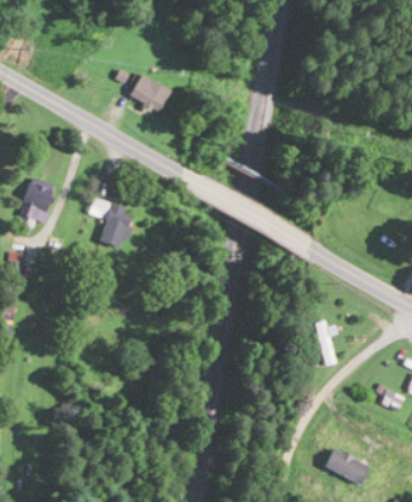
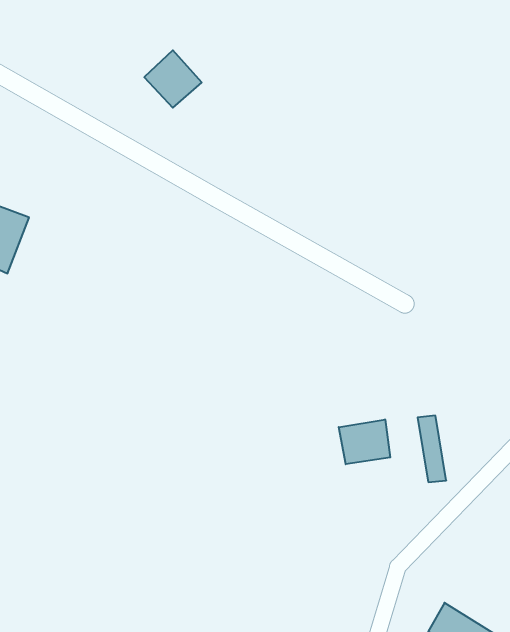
building: [87,195,134,247] -> none
building: none -> [339,419,390,464]

